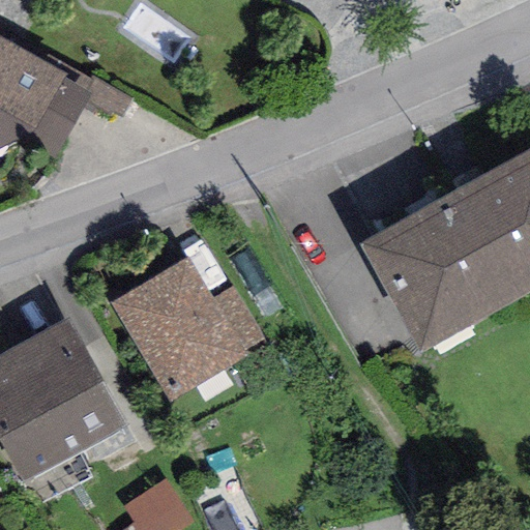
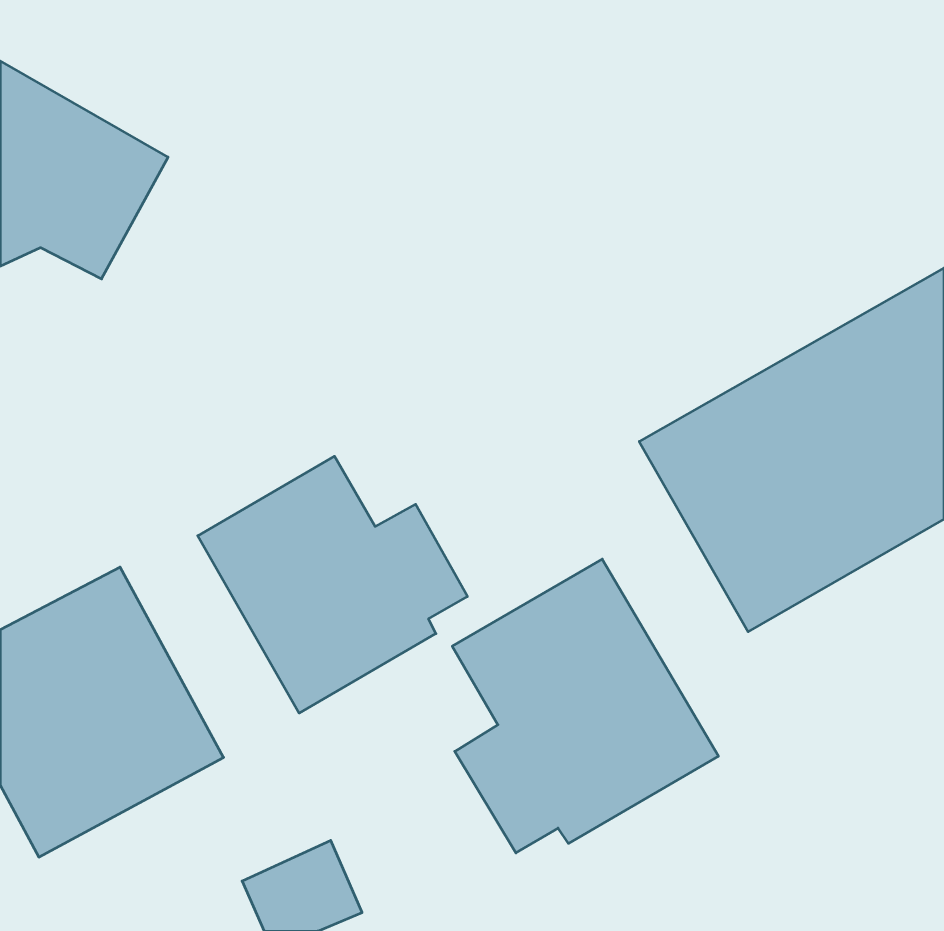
building: none -> [452,559,718,853]

